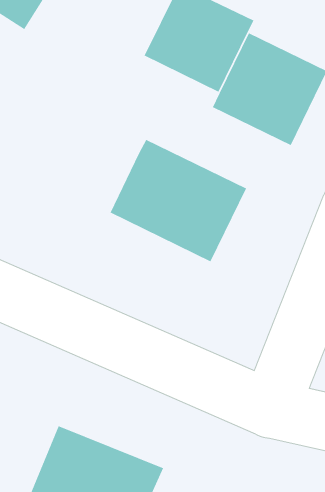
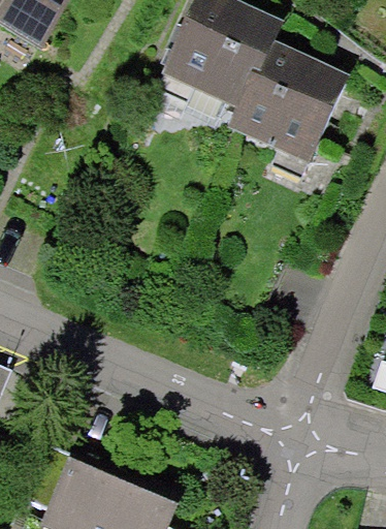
building: [110,139,247,262] -> none

